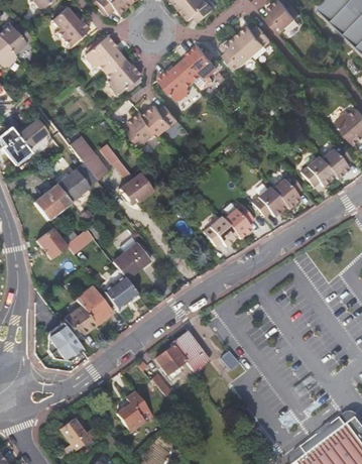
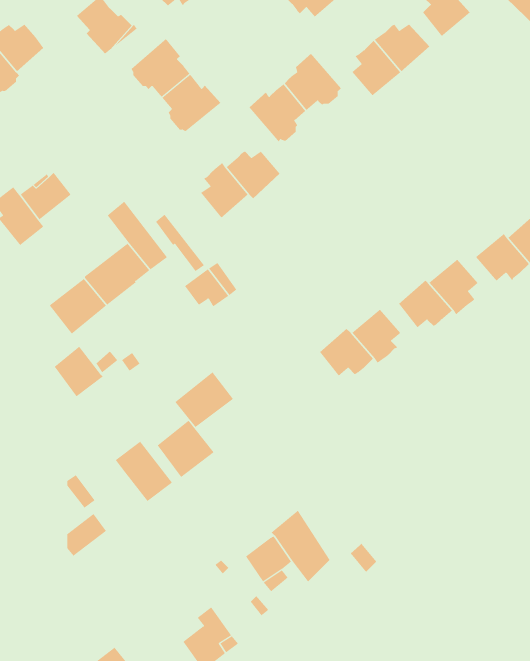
building: [67,307,95,336] -> none

